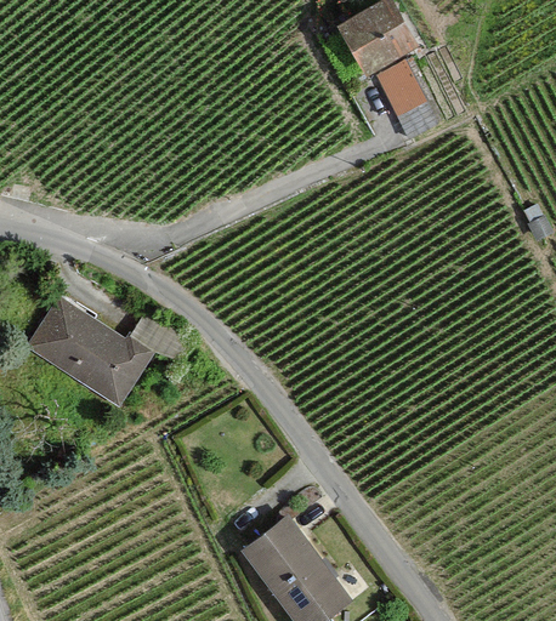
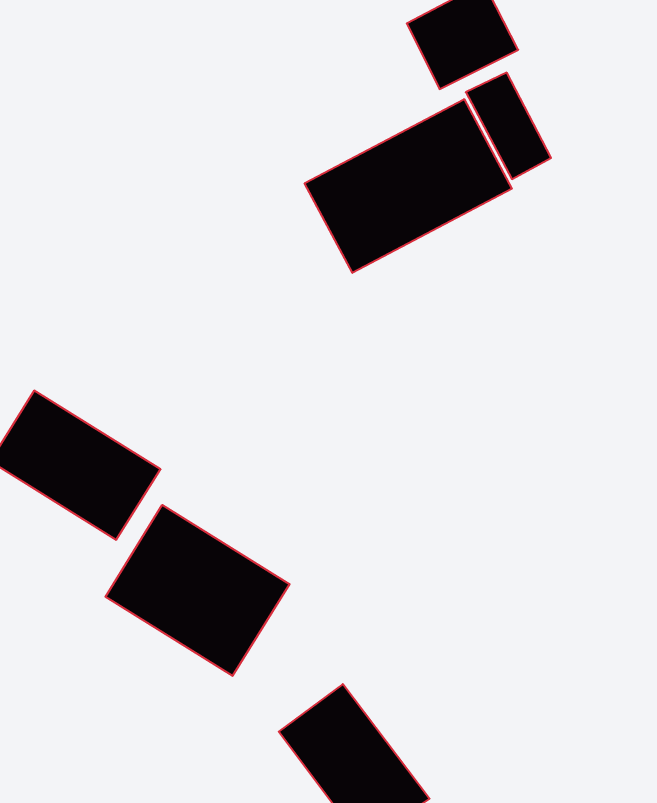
building: none -> [305,99,512,273]
building: none -> [105,505,290,676]

